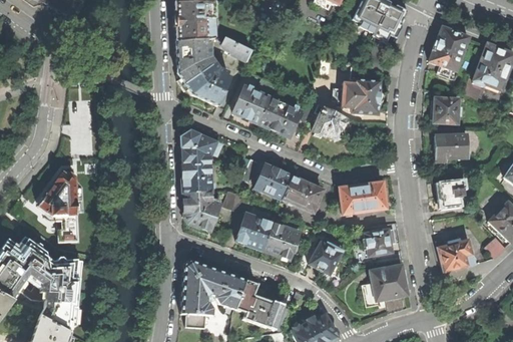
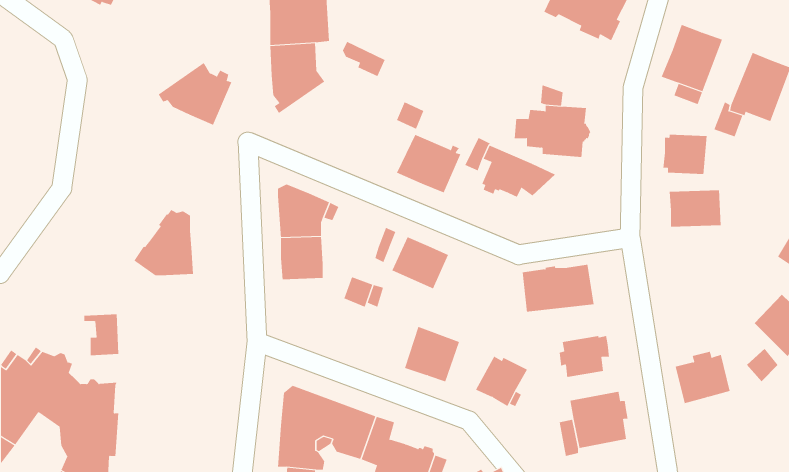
building: [181,63,229,104] -> [158,62,232,126]
building: [232,84,270,122] -> none
building: [38,172,77,215] -> [134,209,194,276]
building: [282,176,323,212] -> none
building: [438,179,467,210] -> none
building: [183,191,219,230] -> none
building: [235,213,272,249] -> none

